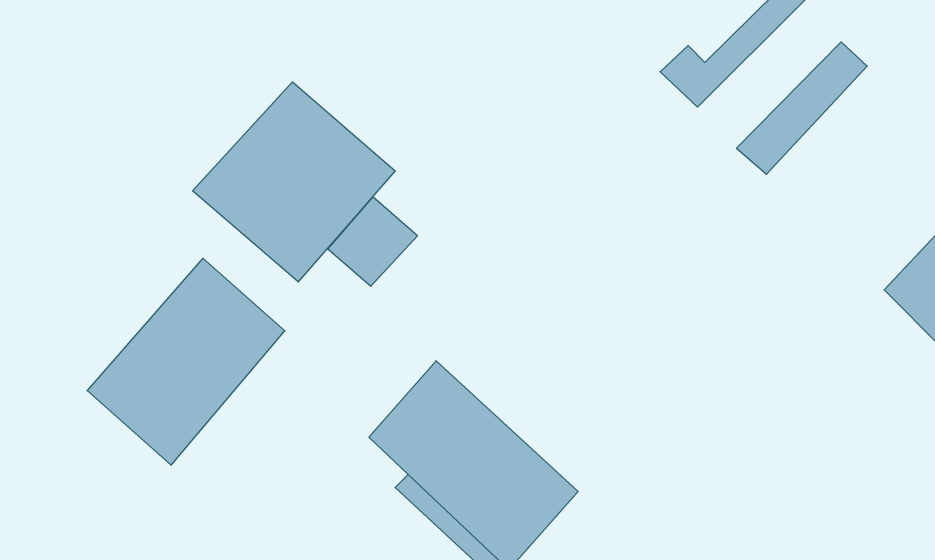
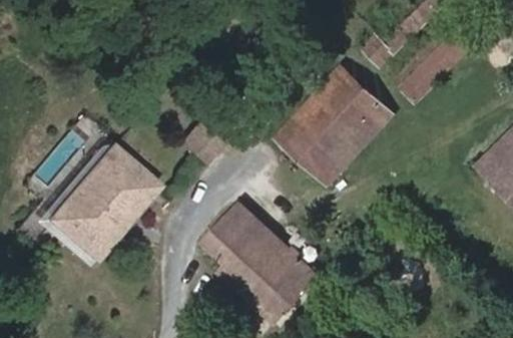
building: [193,82,395,282] -> none
building: none -> [276,67,391,183]

